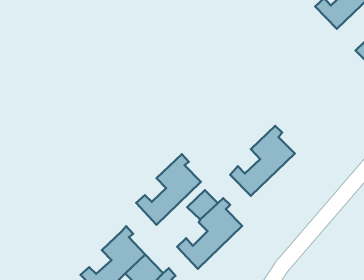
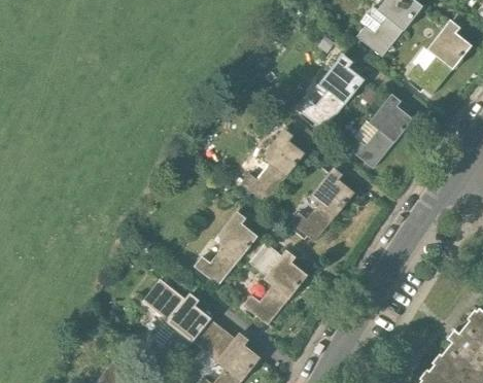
building: none -> [299,56,363,129]
building: none -> [348,96,412,169]
building: none -> [249,125,306,203]
building: none -> [140,277,182,318]

